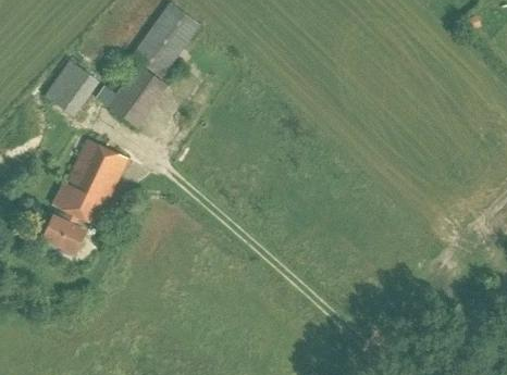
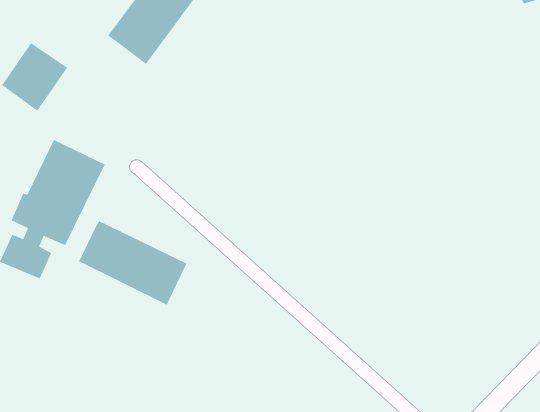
building: [107,64,168,129] -> none
building: none -> [78,220,187,306]

